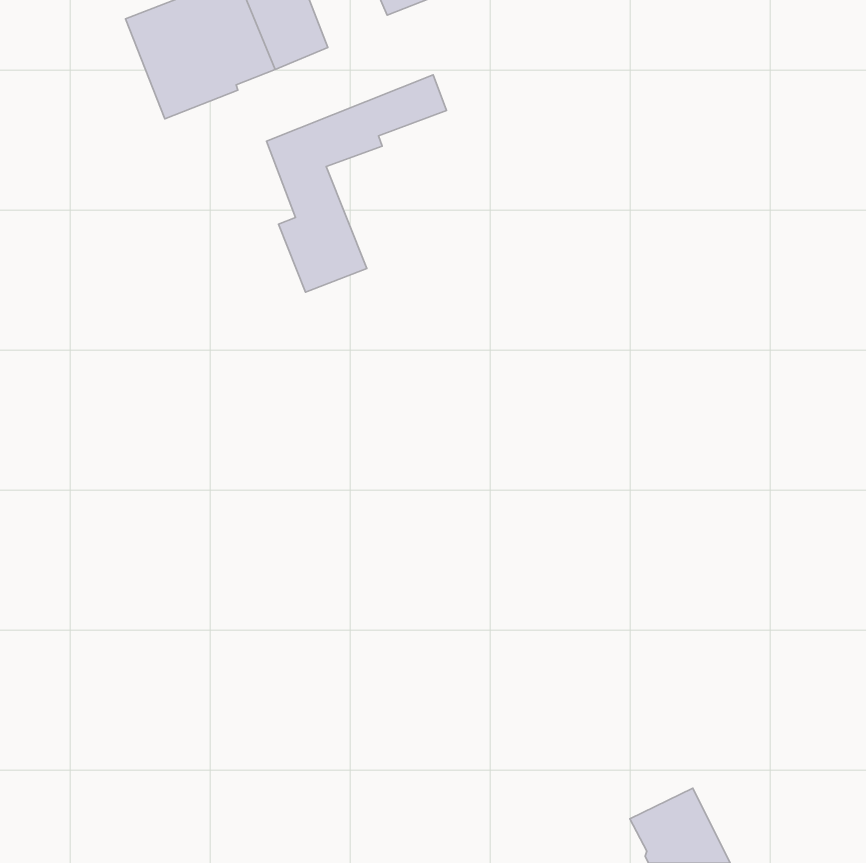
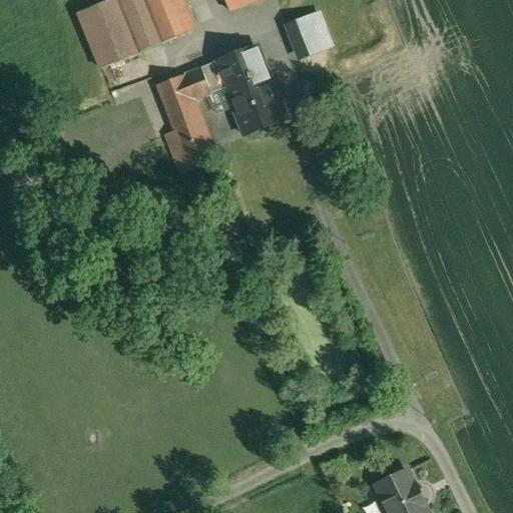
building: none -> [283,8,335,58]
building: none -> [223,65,285,133]

